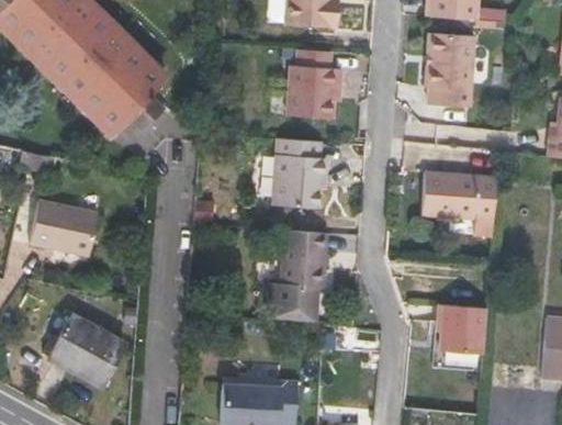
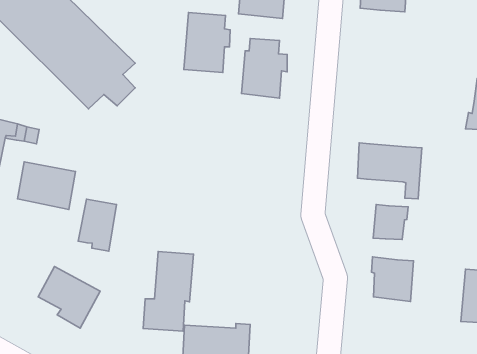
building: [425,32,474,107] -> none
building: [272,137,326,206] -> [184,13,230,72]
building: [268,228,326,321] -> [143,251,193,331]
building: none -> [78,199,117,251]
building: none -> [373,205,408,239]

